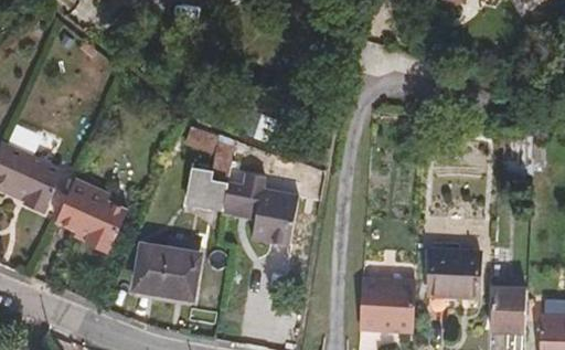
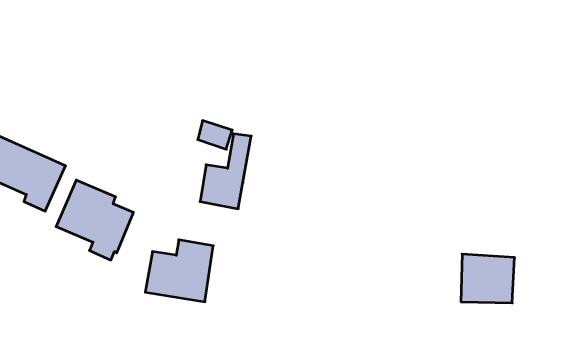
building: [223,174,300,244] -> none
building: [359,282,415,335] -> none
building: [490,286,526,331] -> none

